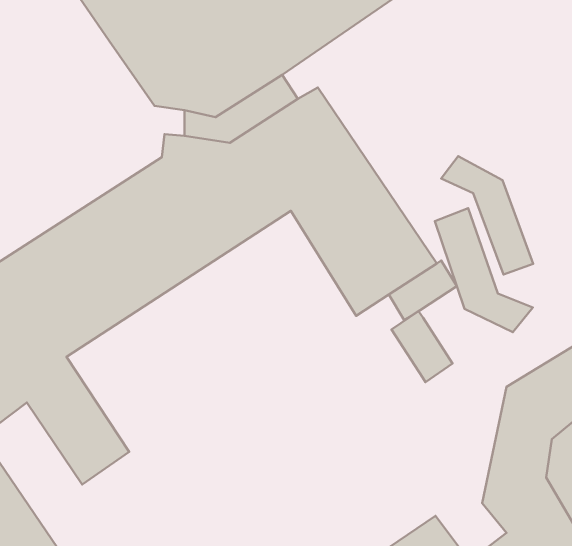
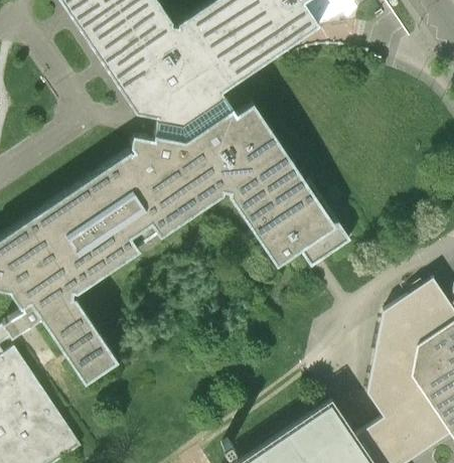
building: [441,156,533,275] -> none
building: [435,208,533,332] -> none
building: [392,311,452,382] -> none

